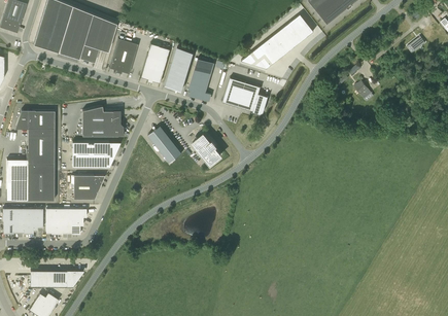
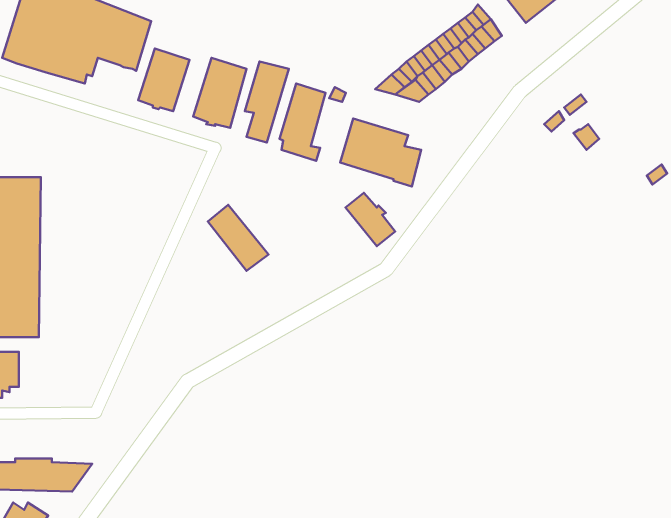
building: [72,106,124,137] -> none
building: [193,135,220,165] -> [346,193,395,246]
building: [72,142,120,168] -> none
building: [71,176,105,200] -> none
building: [45,209,87,235] -> none

